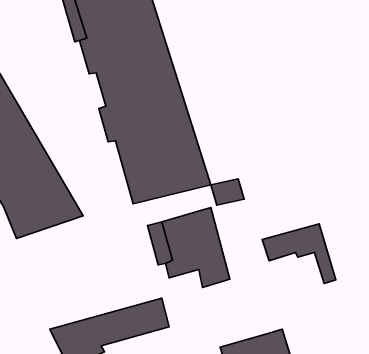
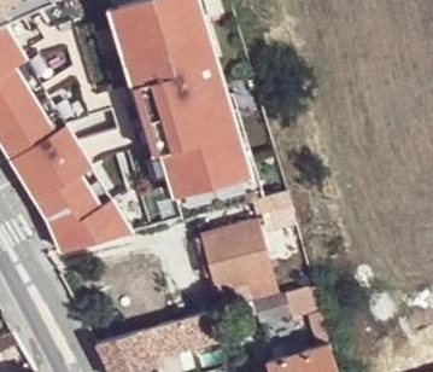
building: [262,224,336,284] -> [253,285,328,345]

